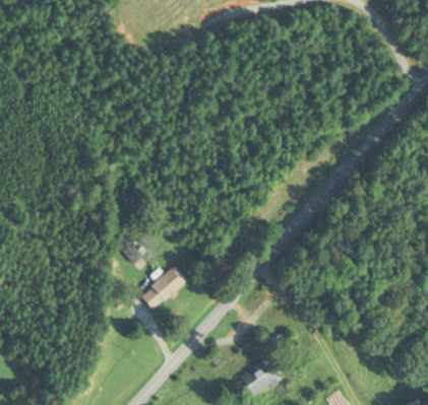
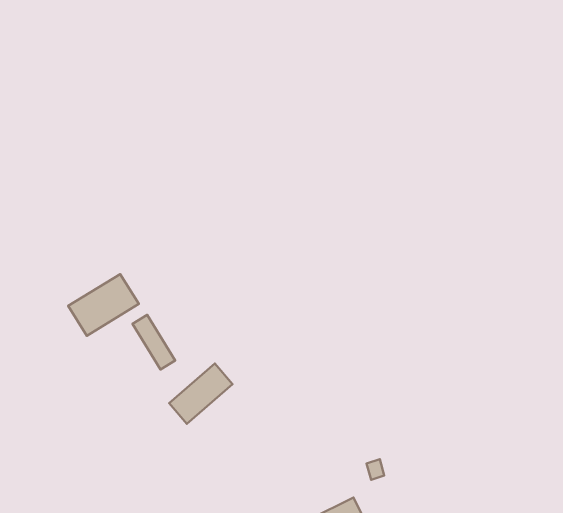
building: none -> [68,274,139,336]

